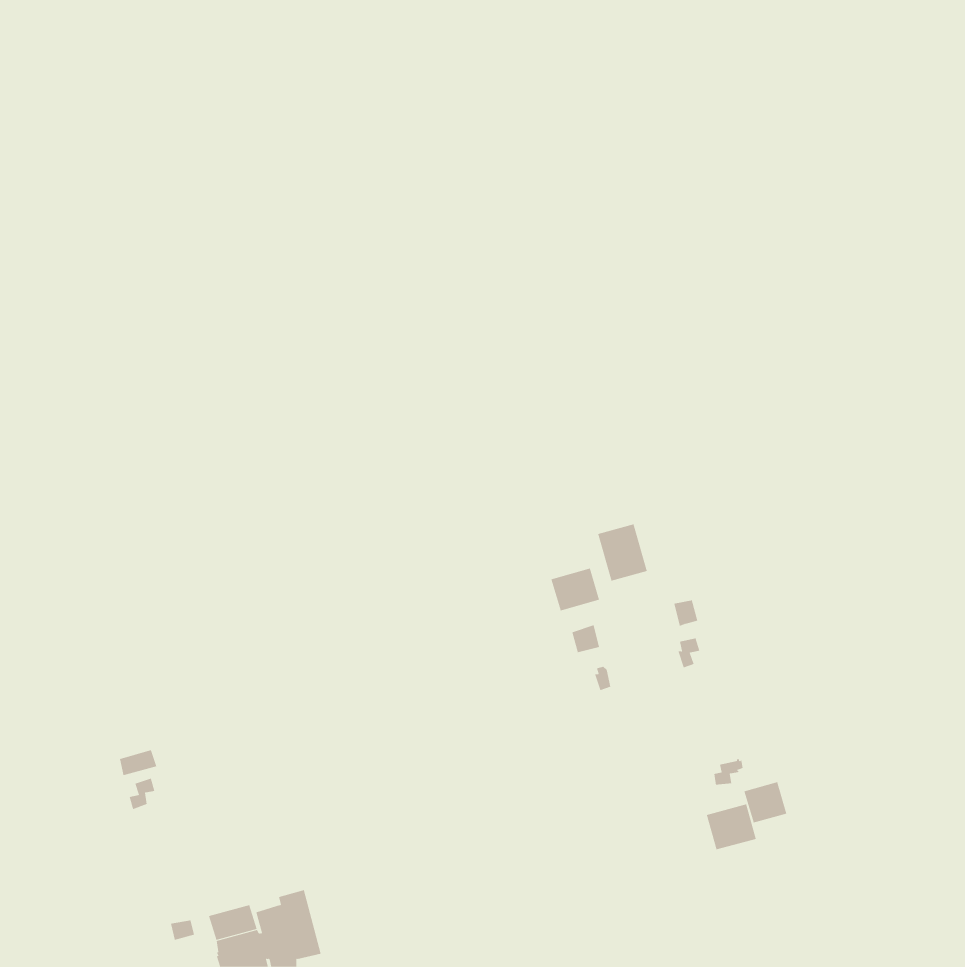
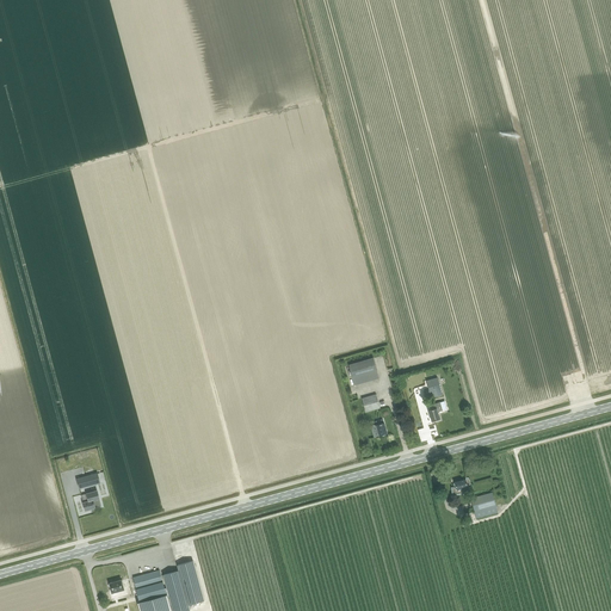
building: [597,523,647,582] -> none
building: [706,803,756,850] -> none

